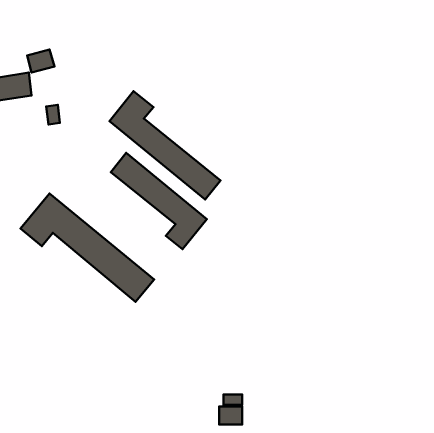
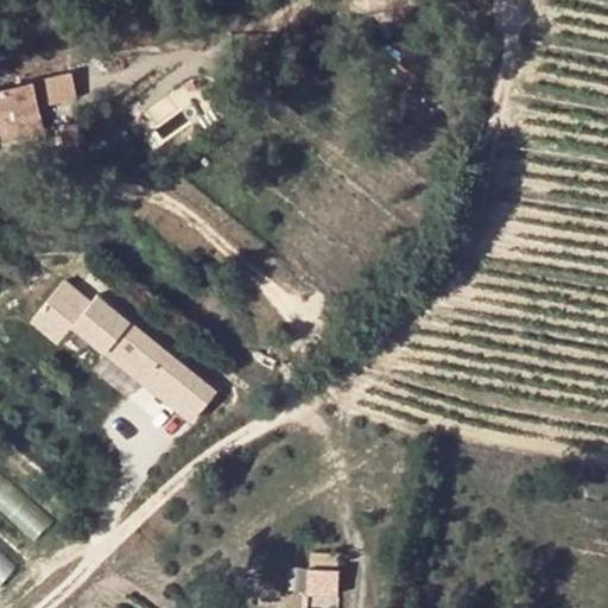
building: [109,91,220,200] -> none
building: [111,153,207,249] -> none

